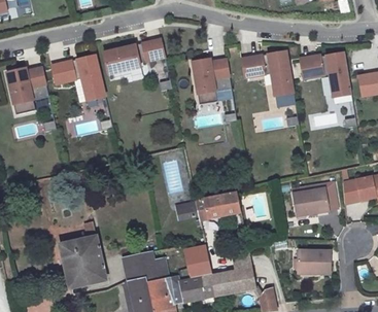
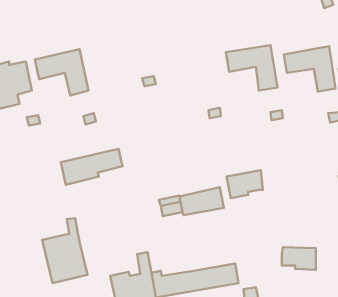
building: [103,40,165,76] -> [61,149,123,185]
building: [190,58,232,104] -> none
building: [291,188,328,216] -> [227,170,263,198]
building: [183,247,210,279] -> none
building: [122,249,157,281] -> none

